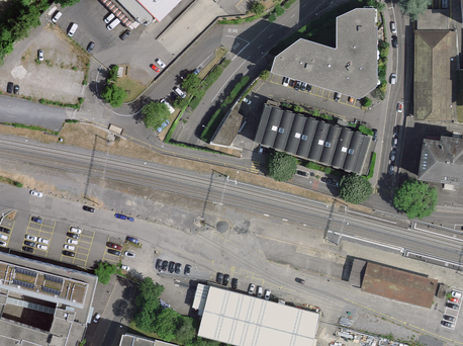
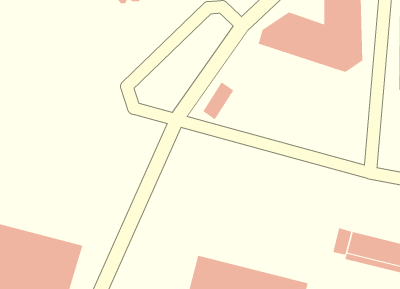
building: [256,104,374,172] -> none

